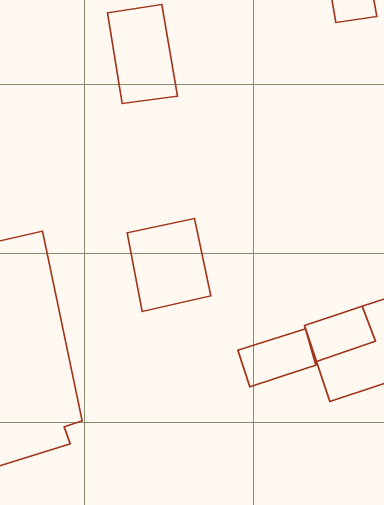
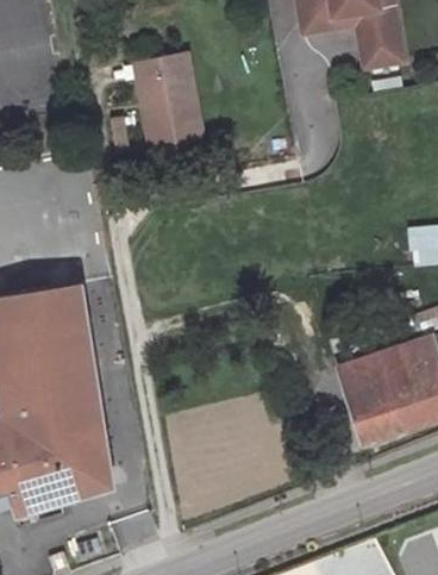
building: [127,218,211,312] -> none
building: [238,329,316,387] -> none

